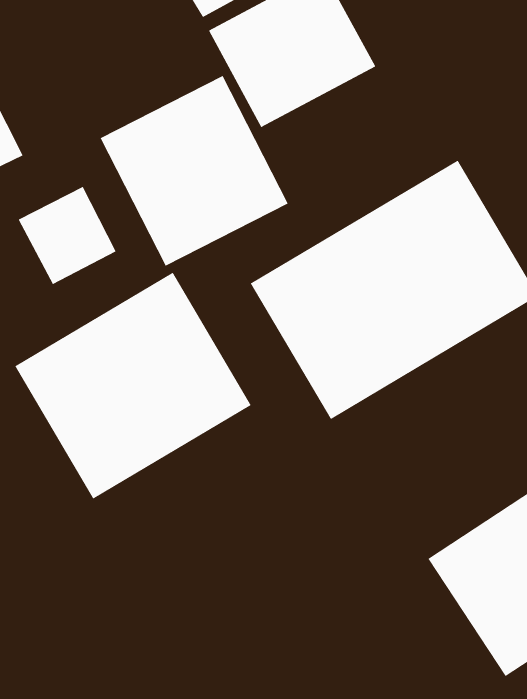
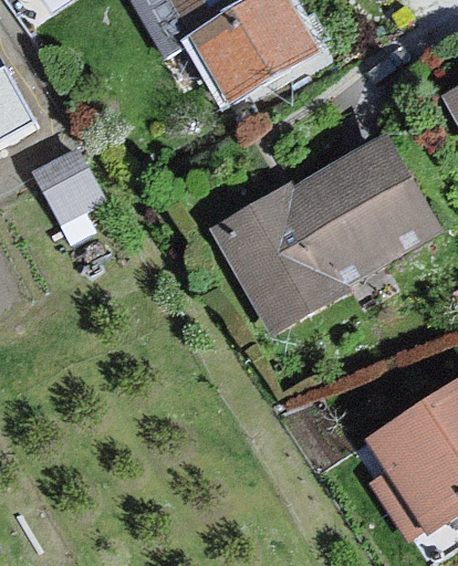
building: [100,75,288,266] -> none
building: [14,272,252,500] -> none

